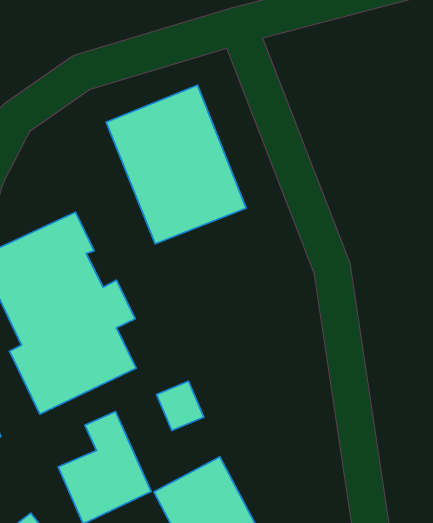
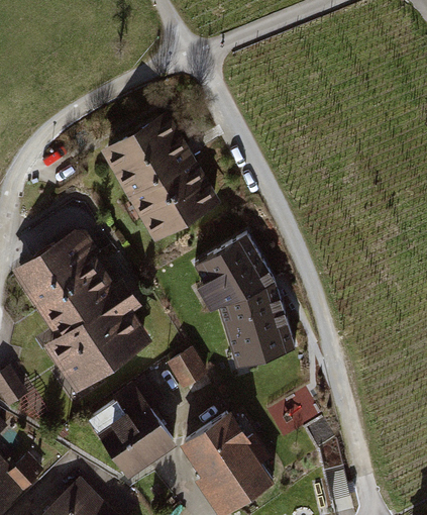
building: none -> [192,234,294,366]

